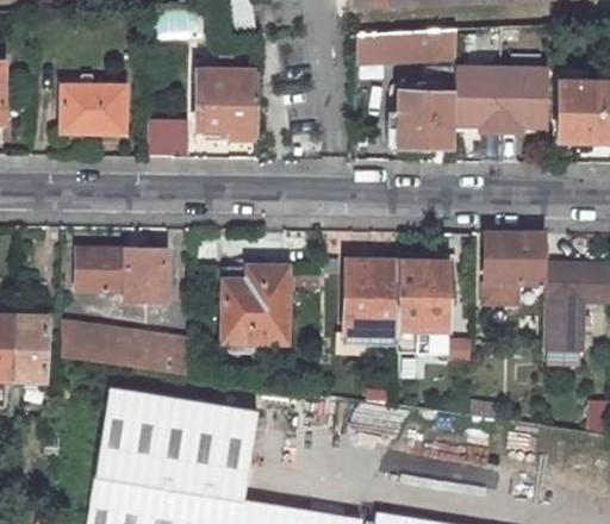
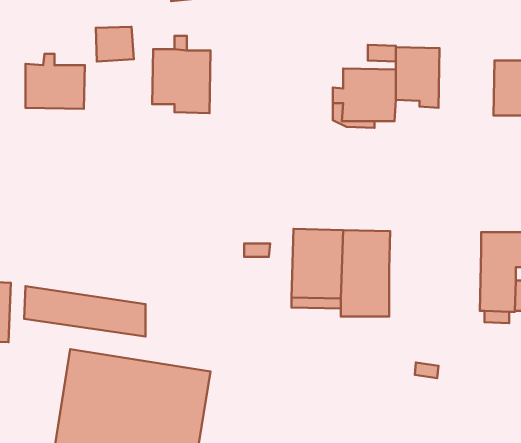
building: [357,27,456,61] -> none
building: [500,68,549,131] -> none
building: [152,118,193,155] -> [96,27,134,62]
building: [485,232,547,302] -> none
building: [77,248,167,299] -> none
building: [223,258,288,342] -> none

